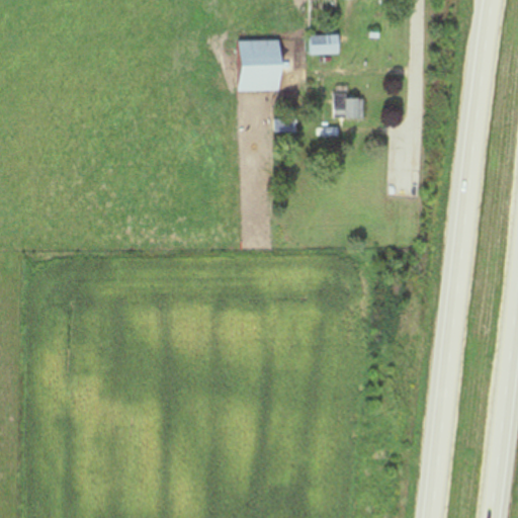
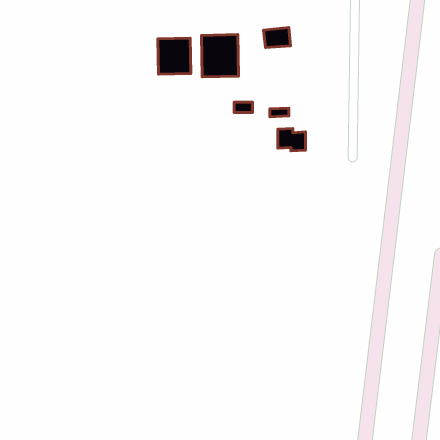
building: none -> [158,38,191,74]
building: [334,93,366,119] -> [278,128,306,151]

